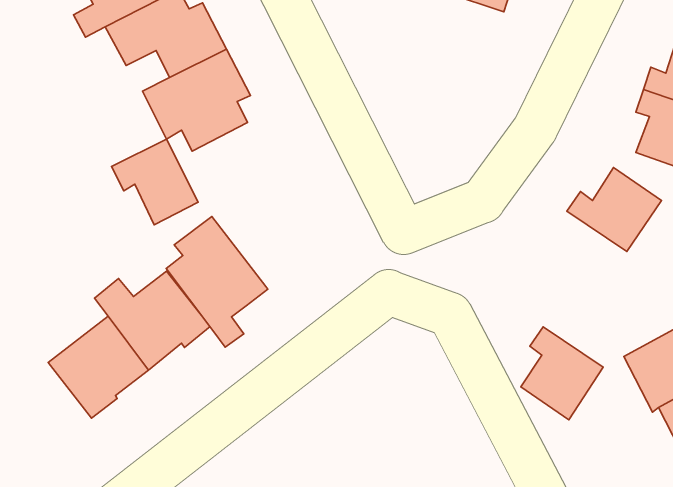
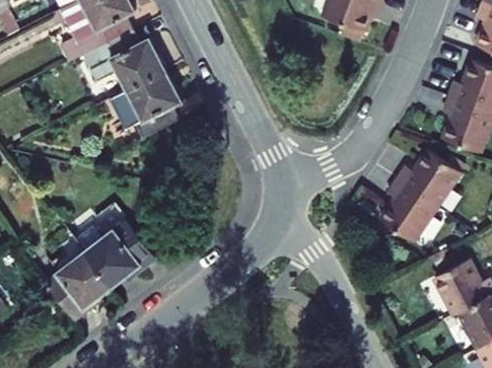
building: [112,139,198,225] -> none
building: [166,217,268,347] -> none
building: [521,327,603,420] -> [381,178,437,241]

